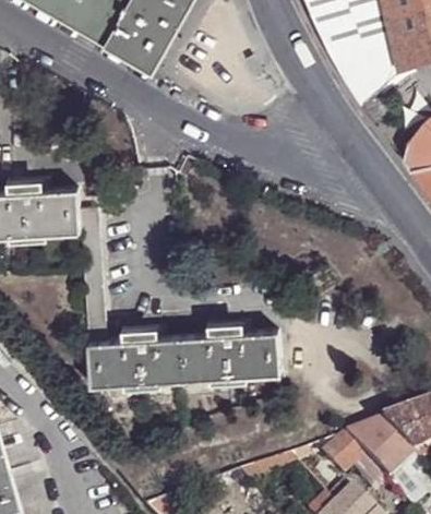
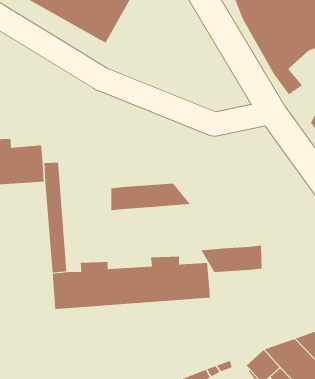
building: none -> [111,183,191,211]
building: none -> [200,245,262,273]

